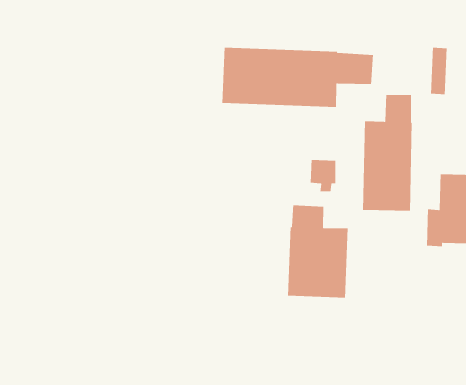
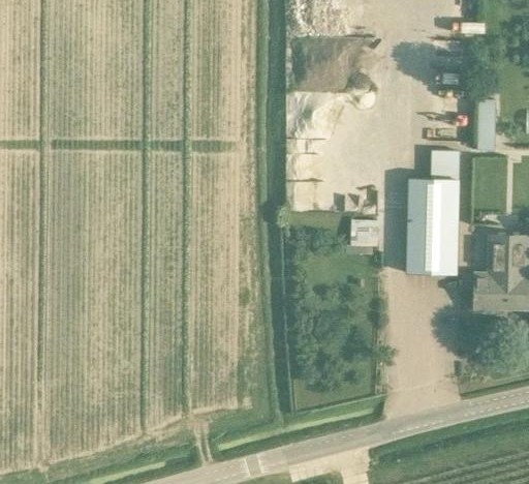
building: [222,47,374,108] -> none
building: [287,204,348,299] -> none

